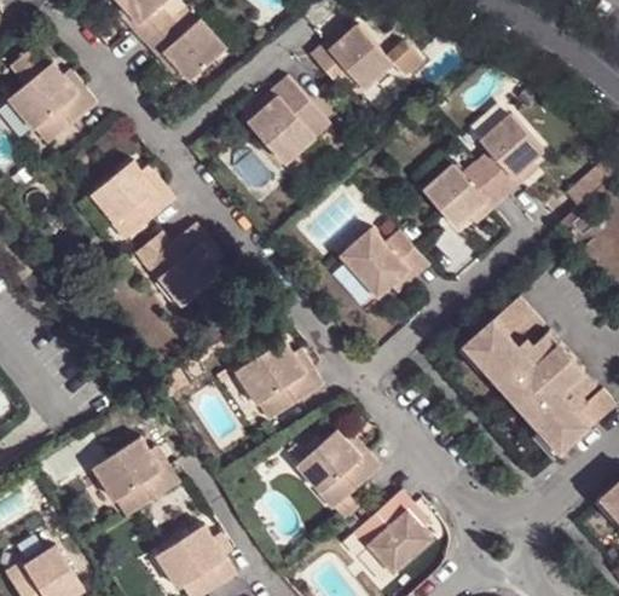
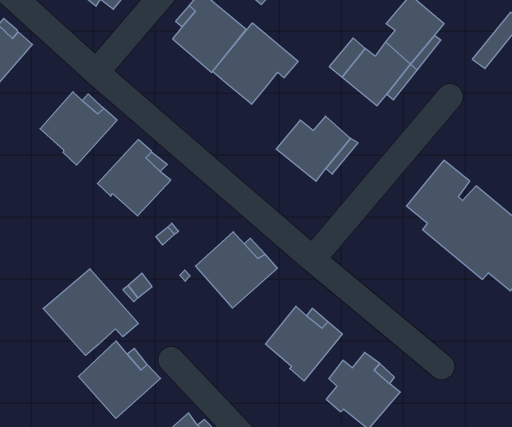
building: none -> [213,23,298,104]
building: none -> [43,269,138,355]

